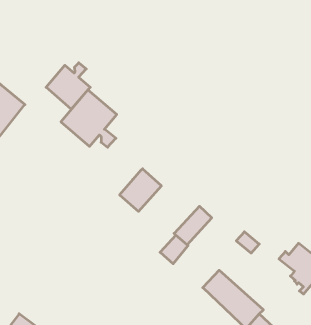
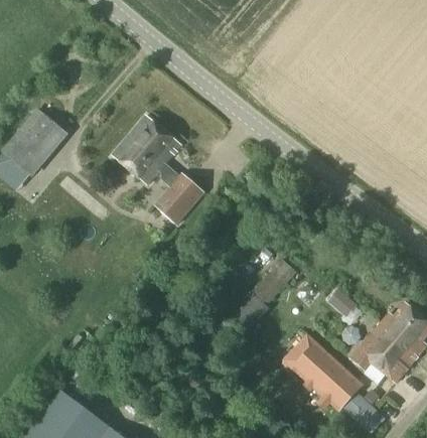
building: [46,63,90,109] -> none
building: [120,169,161,211] -> [153,172,204,225]
building: none -> [349,322,410,385]

